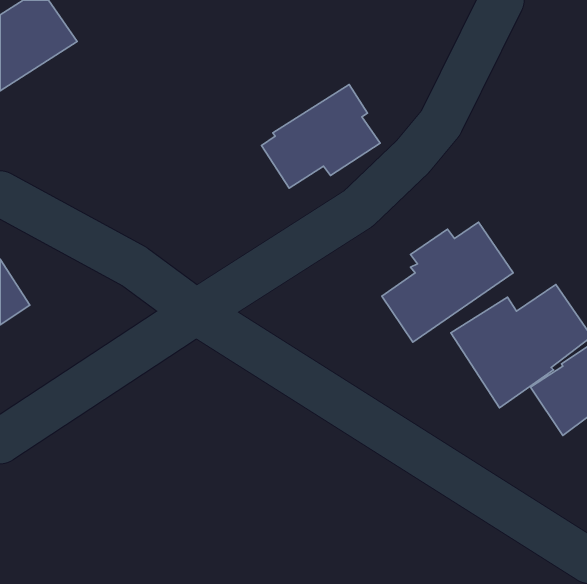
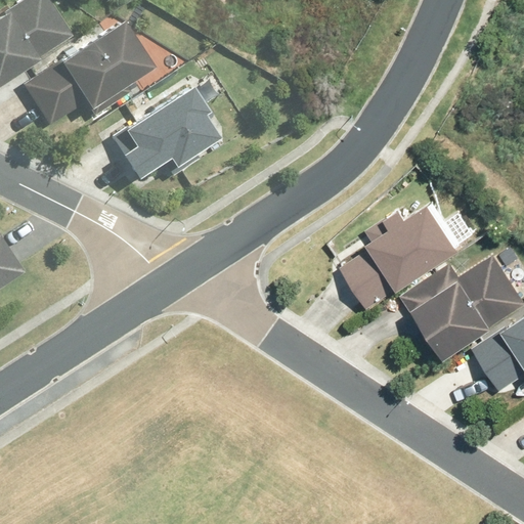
building: none -> [20,27,151,132]
building: [261,84,380,188] -> [113,82,218,174]

